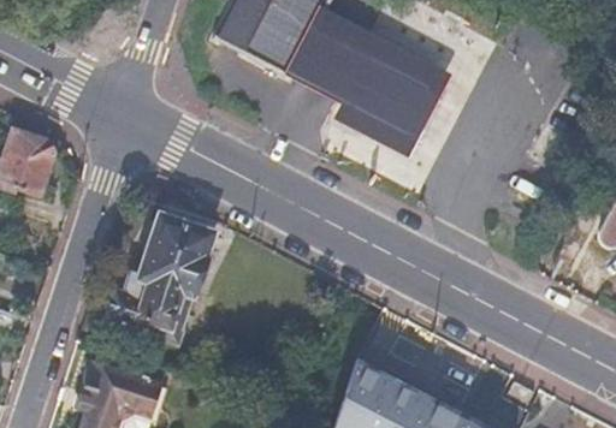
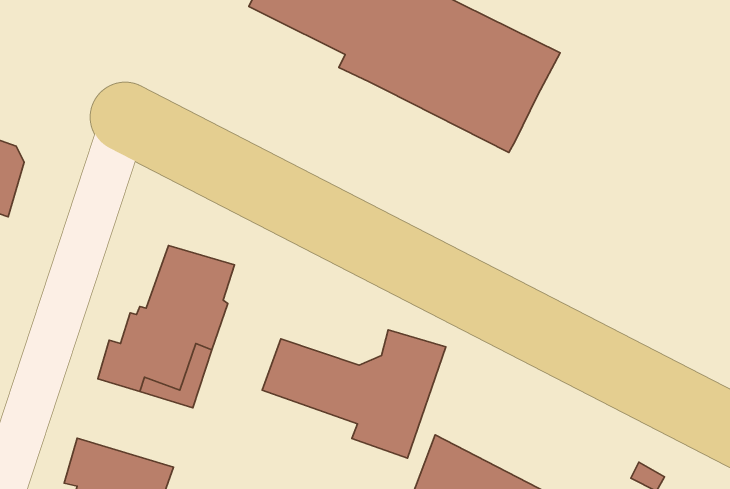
building: none -> [262,330,446,458]

